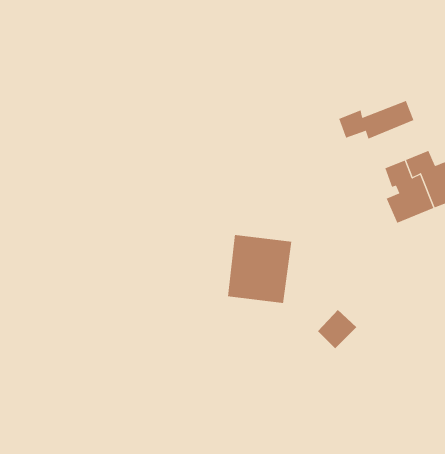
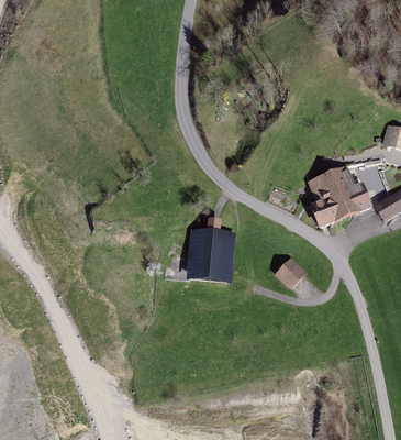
building: [338,100,414,140] -> none
building: [317,309,357,349] -> [276,259,308,290]

